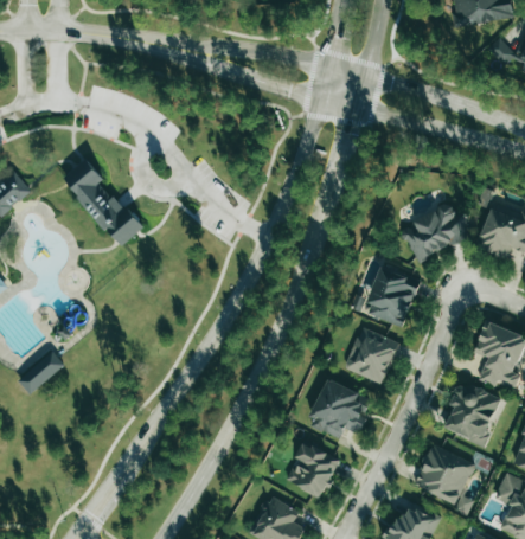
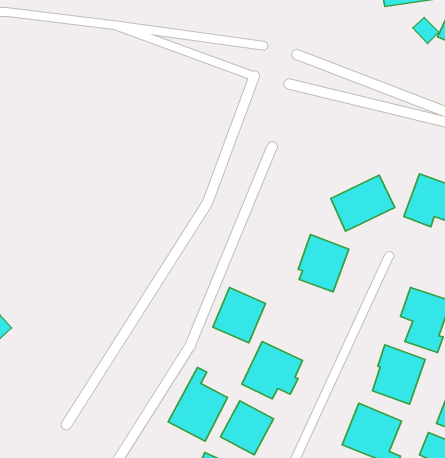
building: [64,158,141,246] -> none
building: [344,326,399,384] -> [213,288,266,343]
building: none -> [168,368,228,441]

